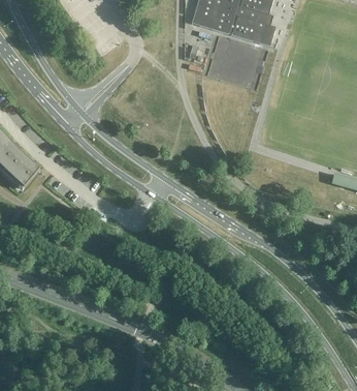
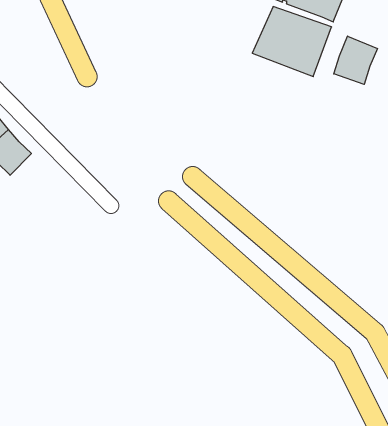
building: none -> [334,36,377,84]

